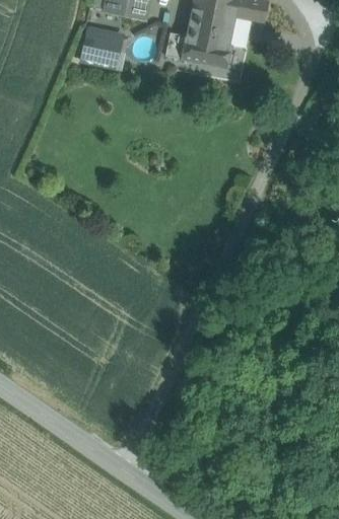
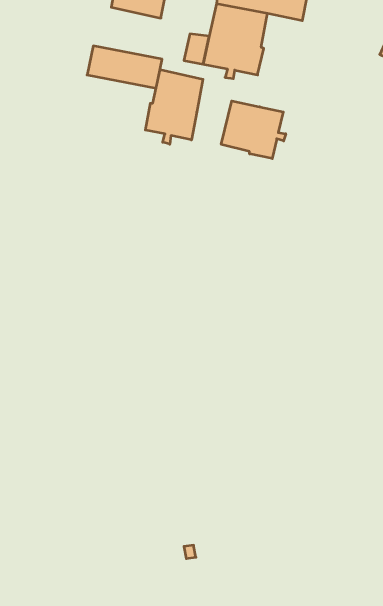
building: none -> [145,70,203,144]
building: none -> [221,101,286,159]

